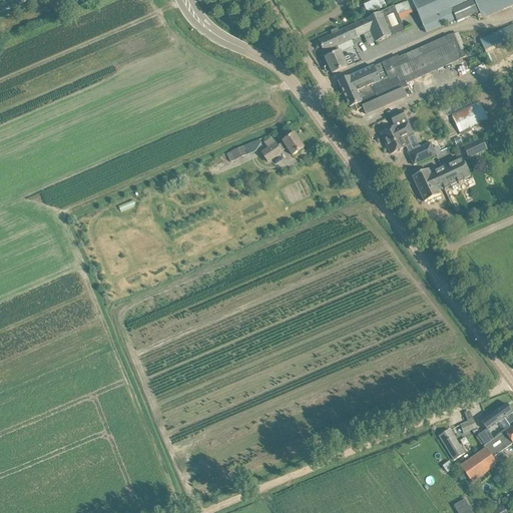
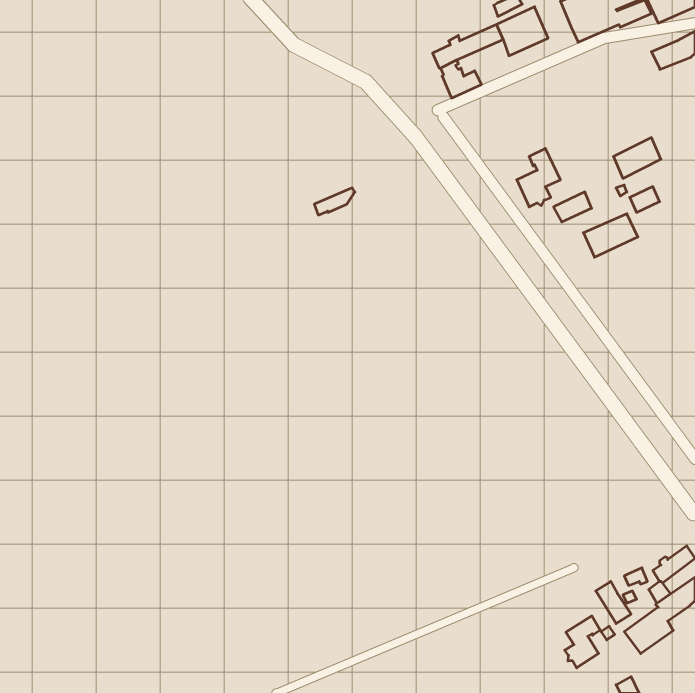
building: [338,31,465,112] -> none
building: [262,132,304,160] -> none
building: [412,167,440,200] -> none
building: none -> [565,616,600,668]

